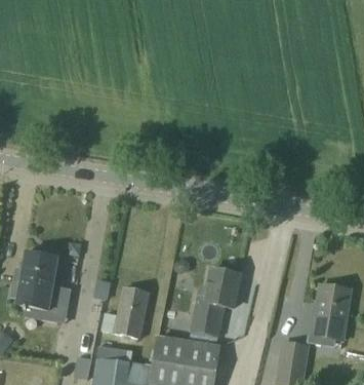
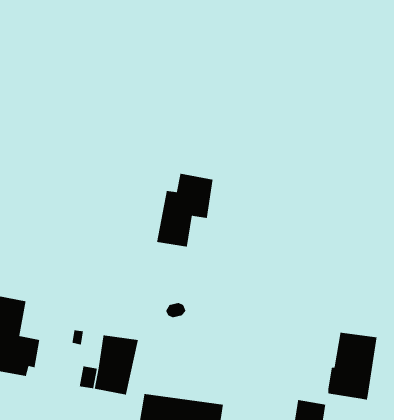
building: [192,269,239,331] -> [156,173,214,248]

